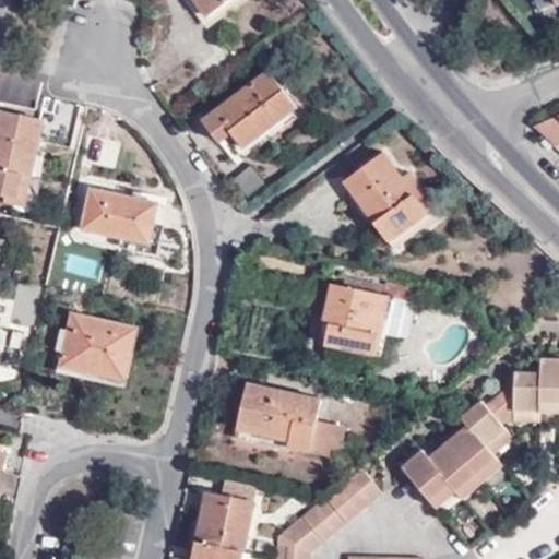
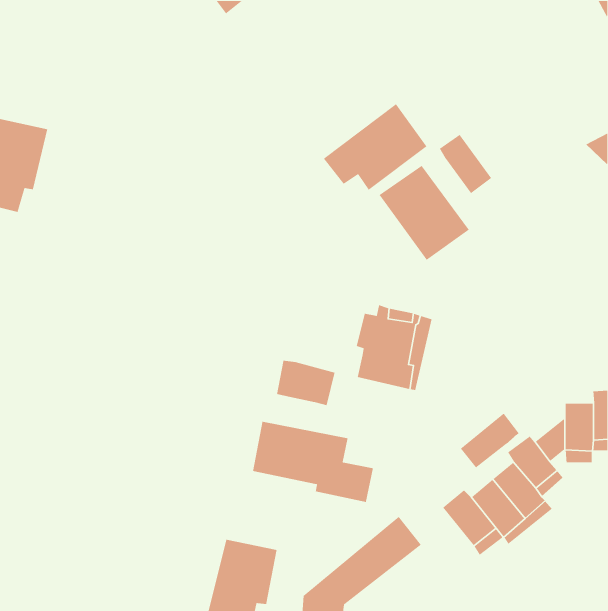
building: [201,68,296,147] -> [323,103,428,191]
building: none -> [439,134,492,194]
building: [81,188,158,243] -> none
building: [58,312,138,376] -> none
building: none -> [276,360,336,406]
building: none -> [460,412,520,468]

